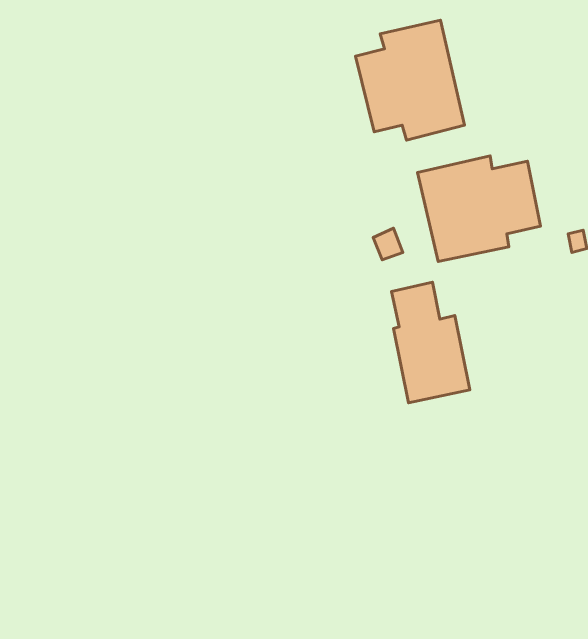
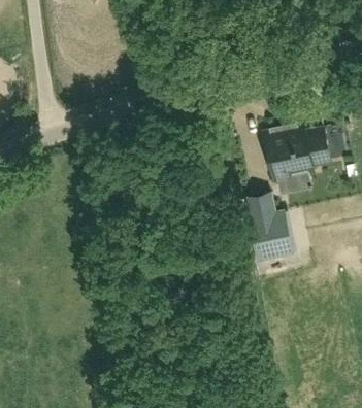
building: [355,20,464,140] -> none

